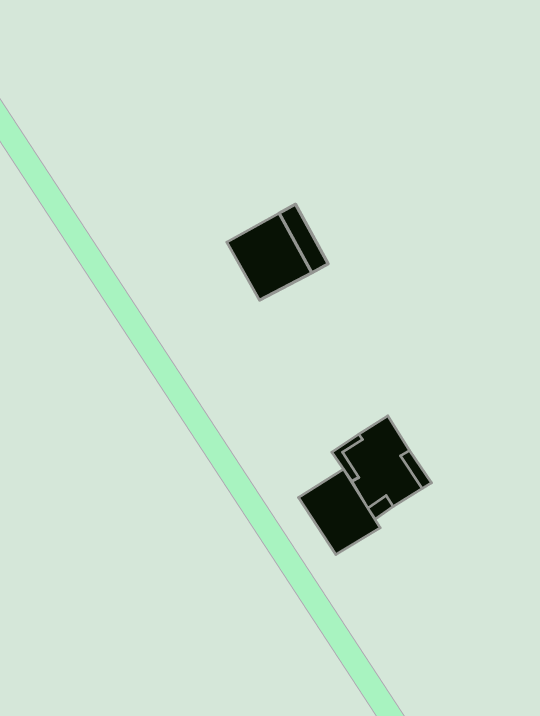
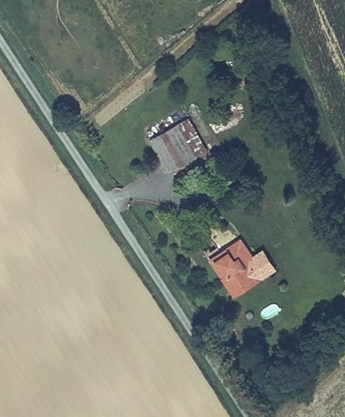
building: [299,469,380,555] -> none

